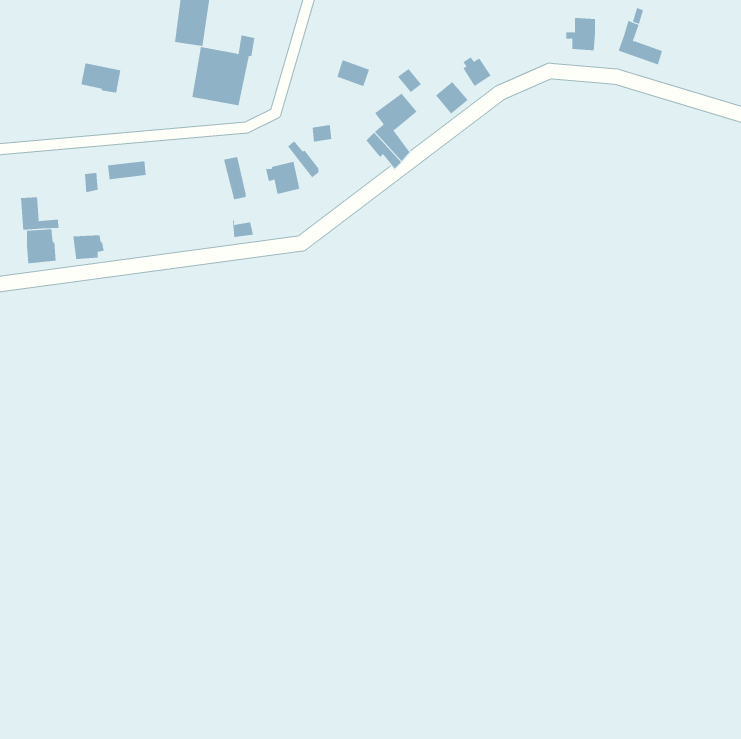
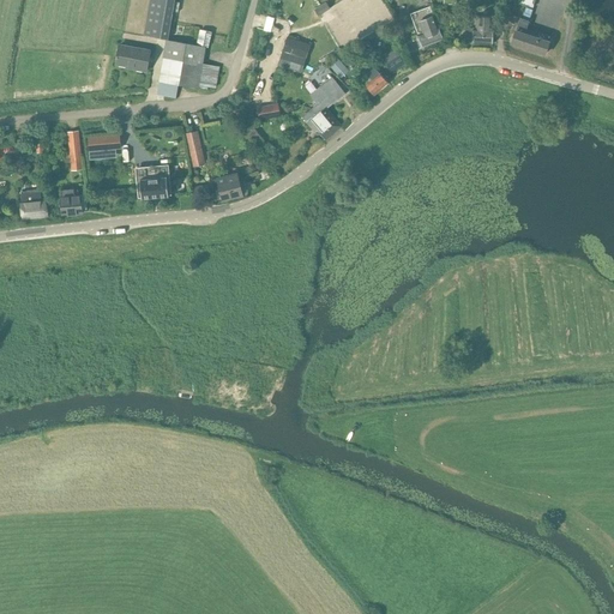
building: none -> [410,5,443,46]
building: [81,63,121,93] -> [116,44,150,70]
building: [265,161,300,195] -> [212,173,241,200]
building: [20,197,59,231] -> none
building: none -> [139,176,168,198]

